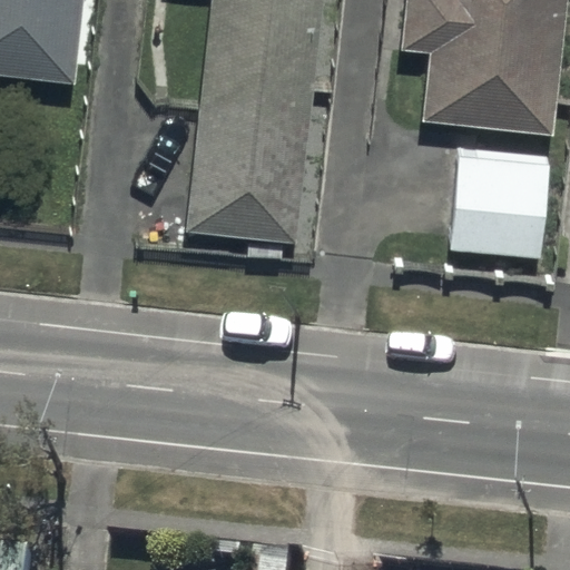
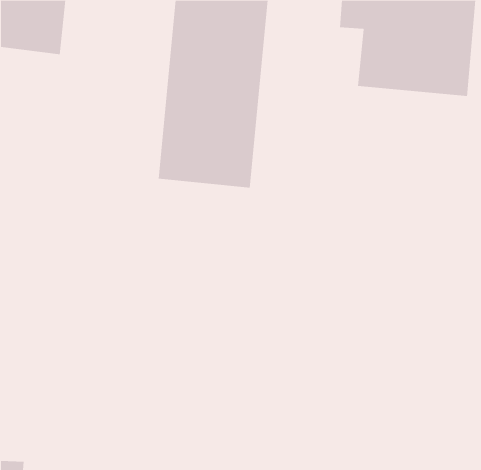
building: [449,156,550,258] -> none

